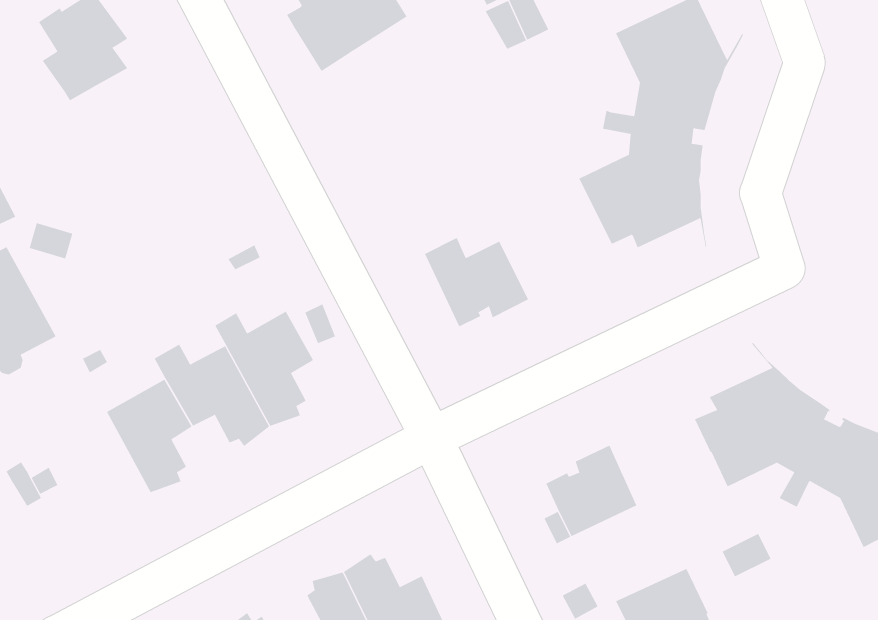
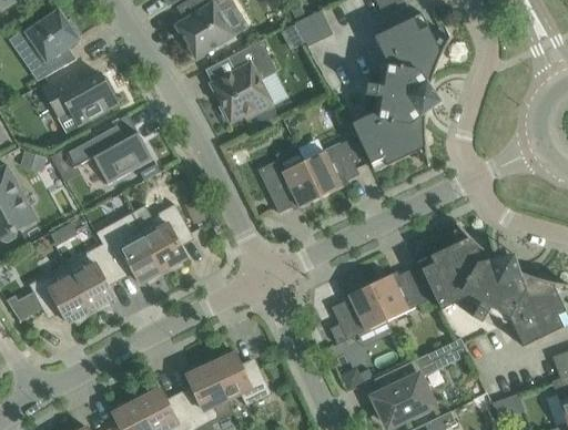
building: none -> [211,39,276,121]
building: none -> [42,73,116,131]
building: none -> [62,117,153,184]
building: none -> [303,137,362,196]
building: none -> [29,264,92,325]
building: none -> [369,268,427,320]

